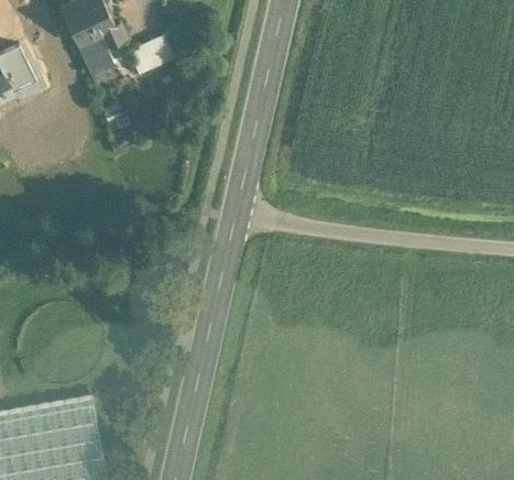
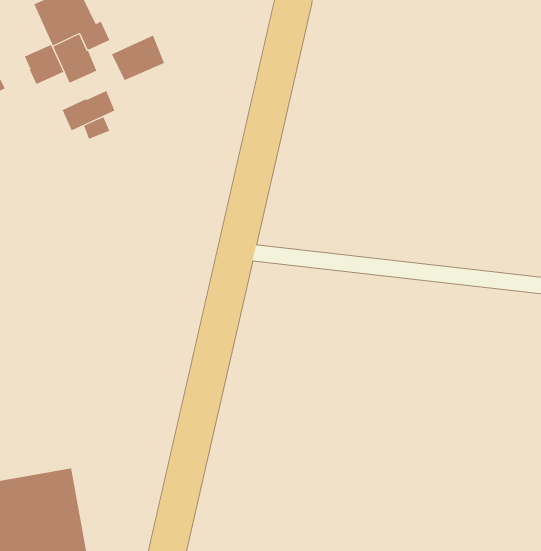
building: none -> [24,44,64,85]
building: none -> [62,90,115,131]

